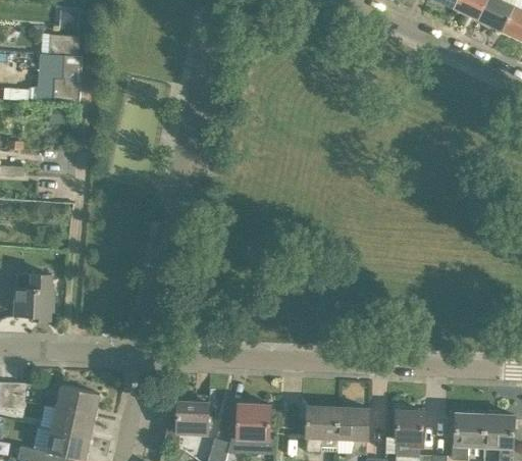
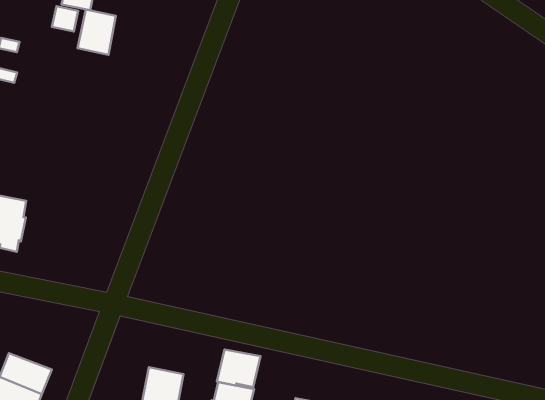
building: none -> [78,9,116,55]
building: none -> [217,349,261,387]
building: [56,385,99,415] -> none

